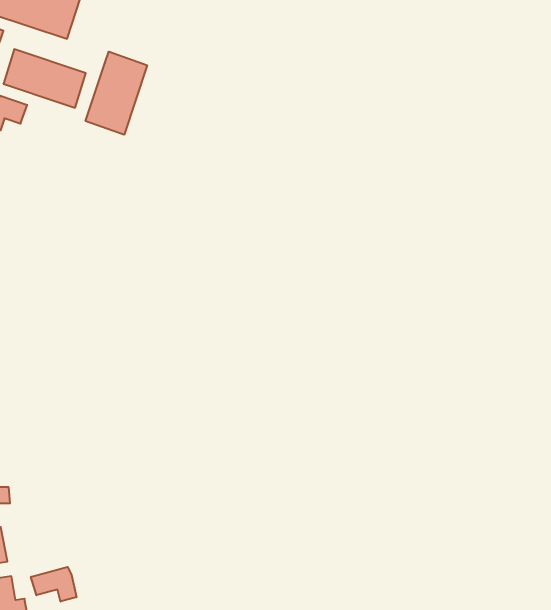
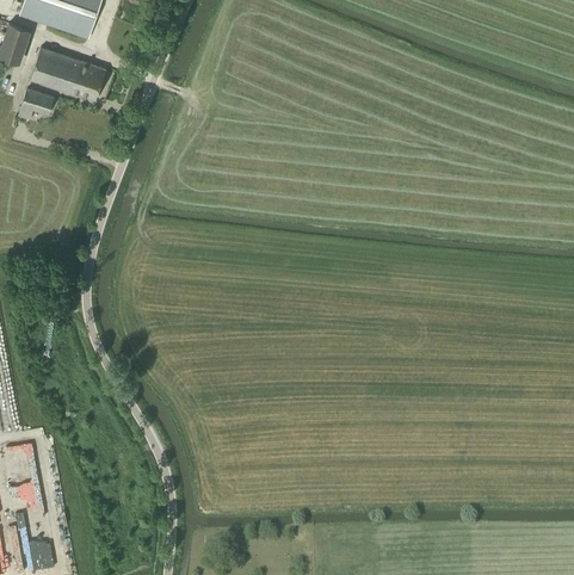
building: [86,52,147,135] -> none
building: [31,567,76,602] -> none

